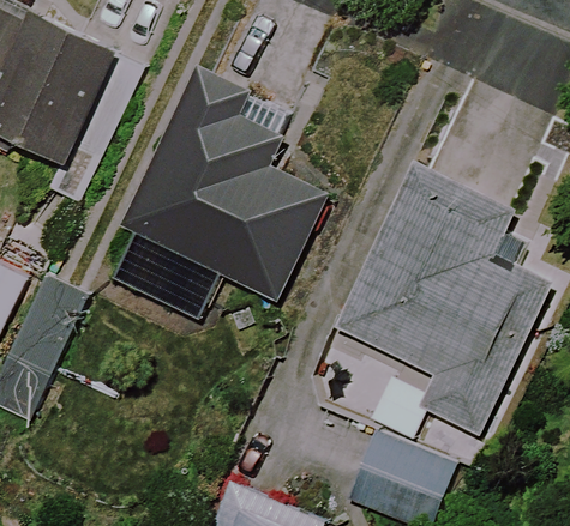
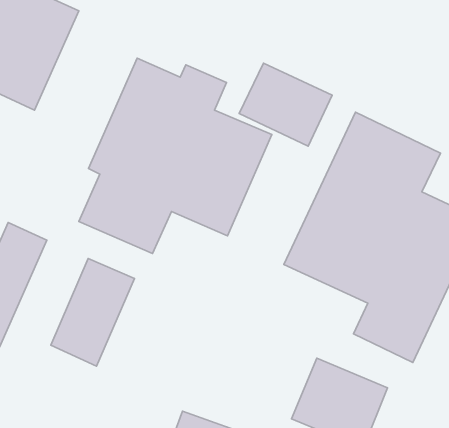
building: none -> [239,63,332,146]
building: none -> [51,259,135,366]

